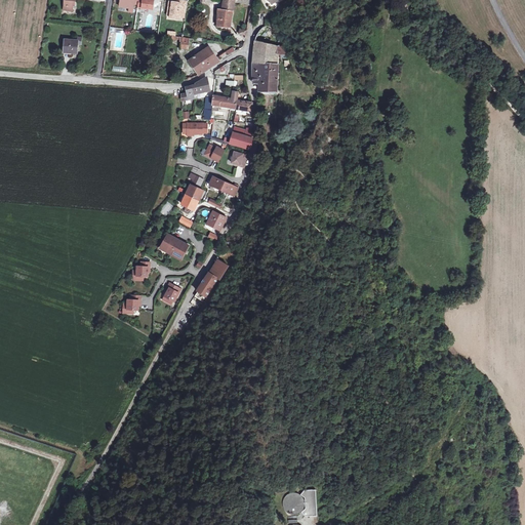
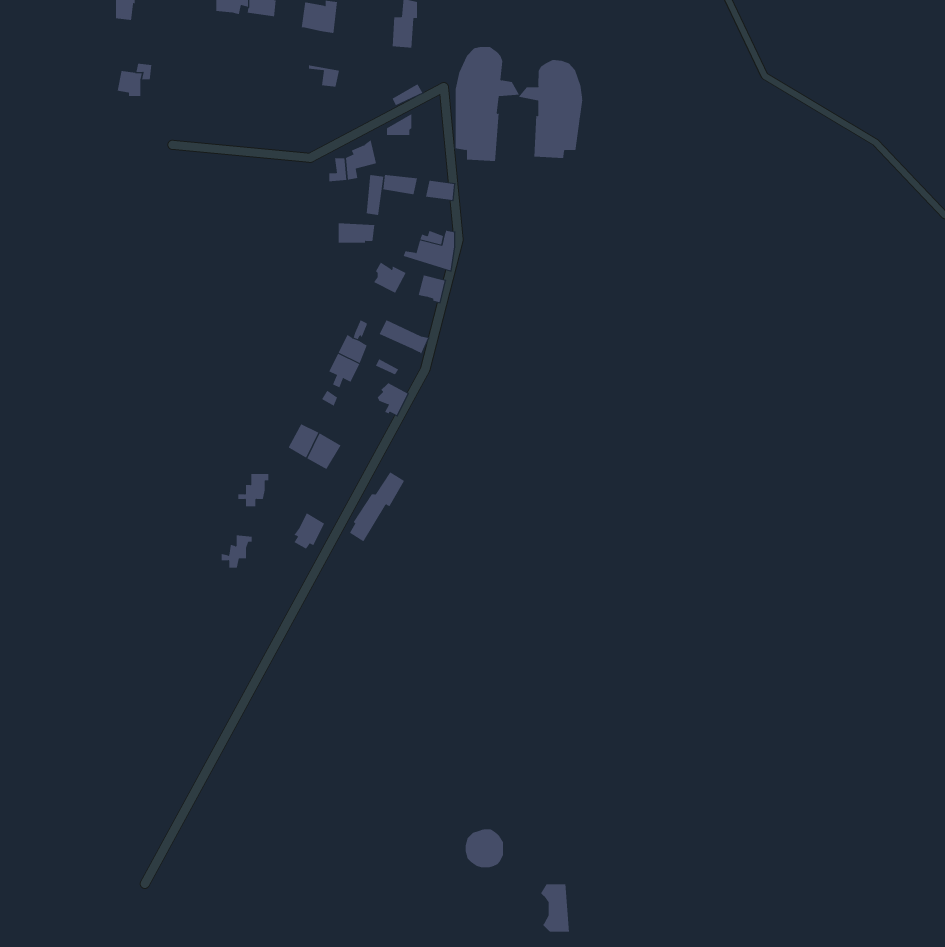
building: none -> [518,59,583,159]
building: [188,47,217,75] -> none
building: [281,491,302,513] -> [465,829,504,868]

